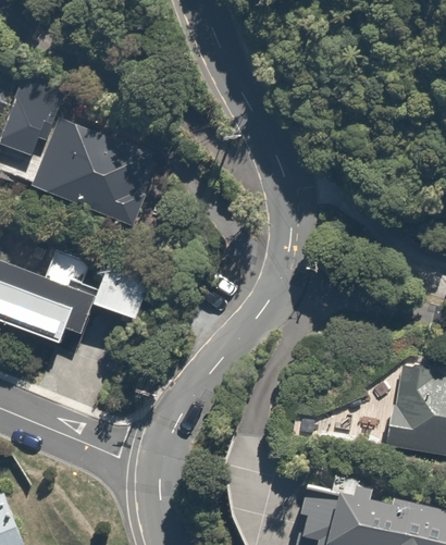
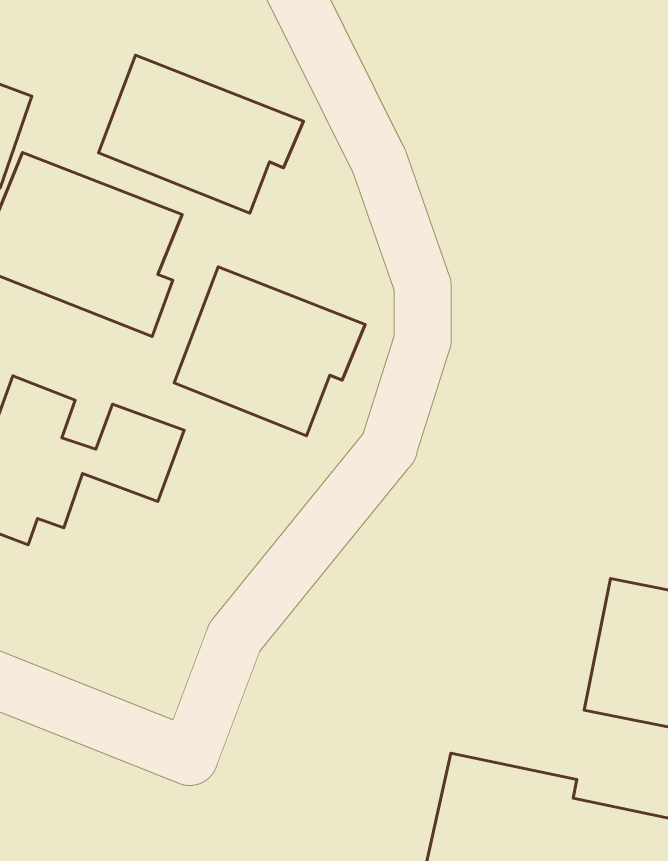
building: none -> [99,55,303,213]
building: none -> [174,267,365,436]

